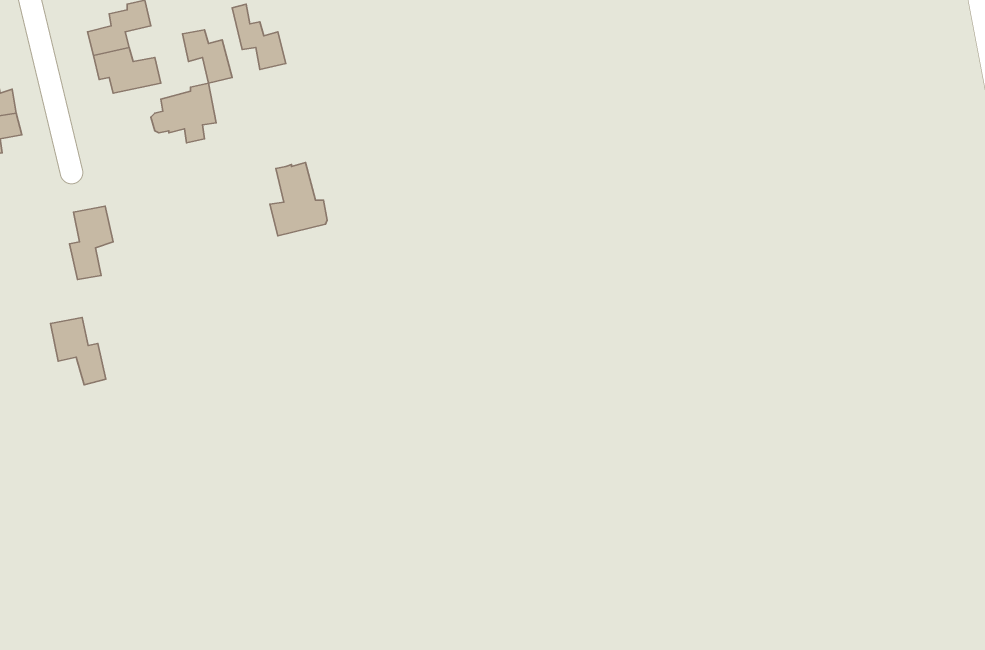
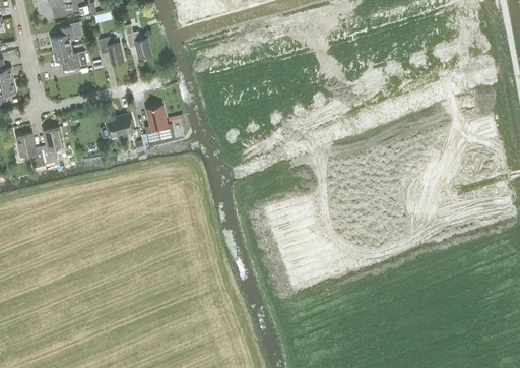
building: [151,83,216,143] -> [101,112,134,142]
building: [50,318,106,385] -> [16,133,45,168]

